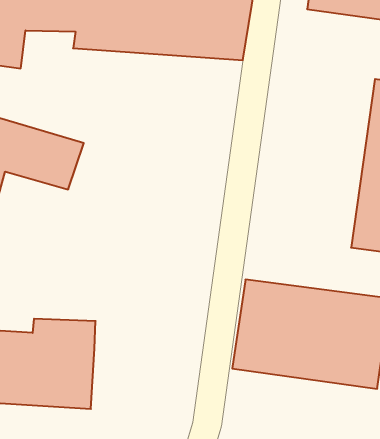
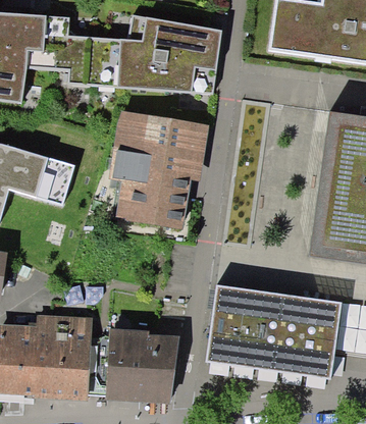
building: none -> [116,112,203,226]
building: none -> [83,333,173,398]

